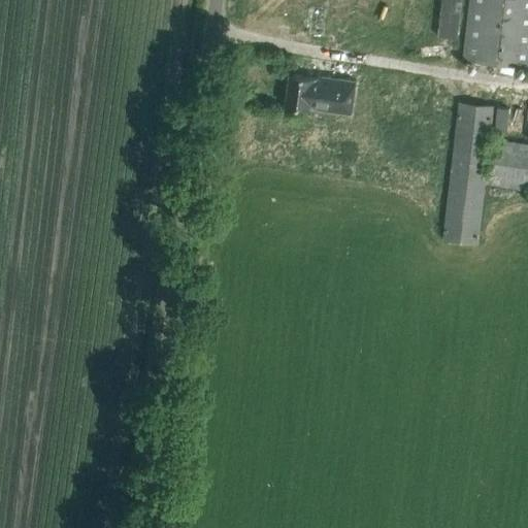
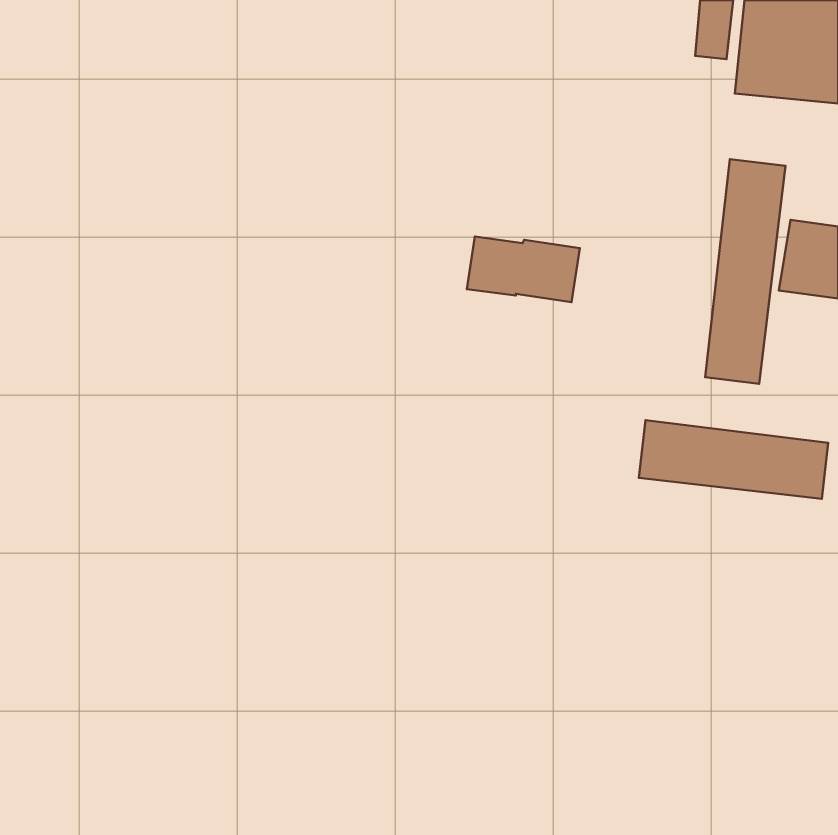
building: [286,74,357,116] -> [467,237,580,302]
building: none -> [639,420,828,499]

